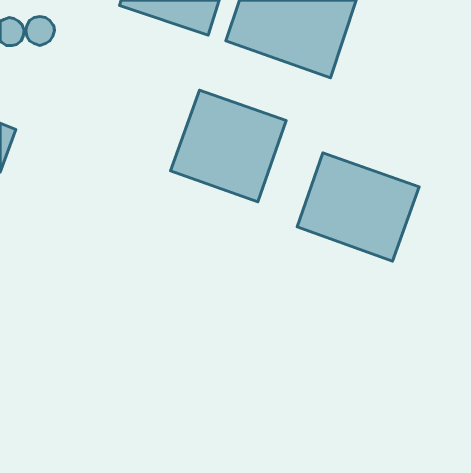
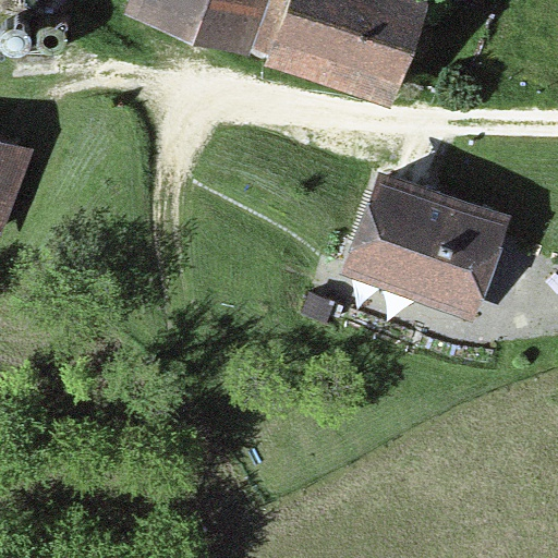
building: [170,90,286,202] -> none

